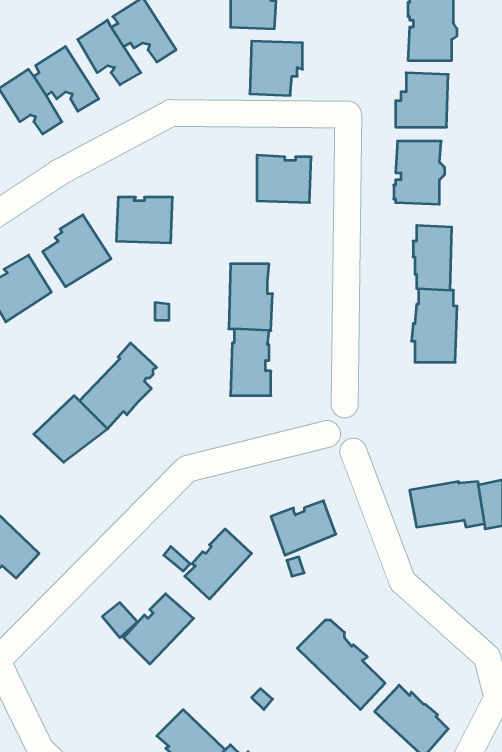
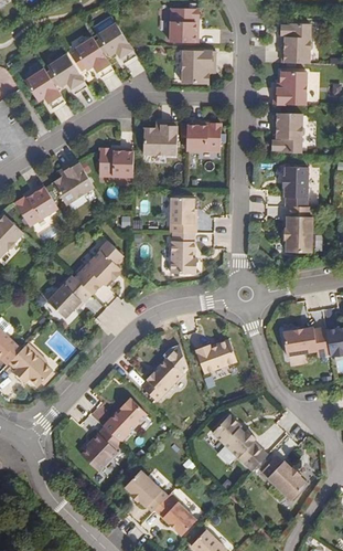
building: none -> [142,121,176,155]
building: none -> [81,426,121,470]

